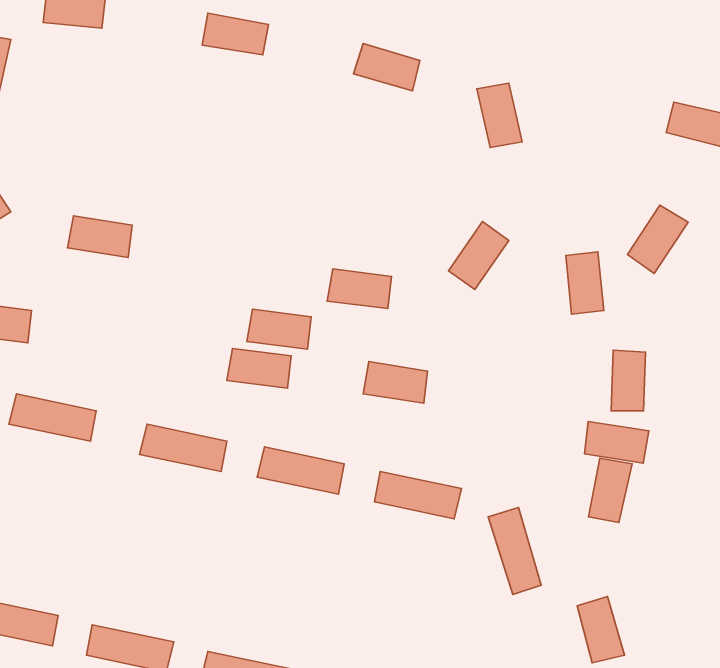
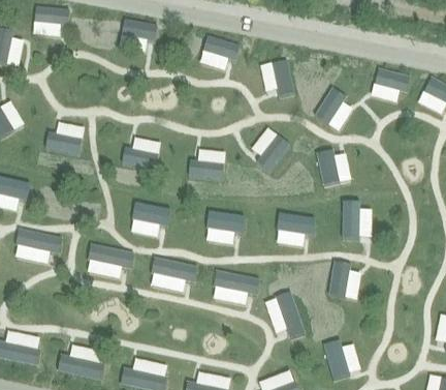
building: [628,205,688,273] -> [315,90,348,127]
building: [247,309,311,349] -> [122,146,157,168]
building: [584,422,649,463] -> [277,214,312,237]

